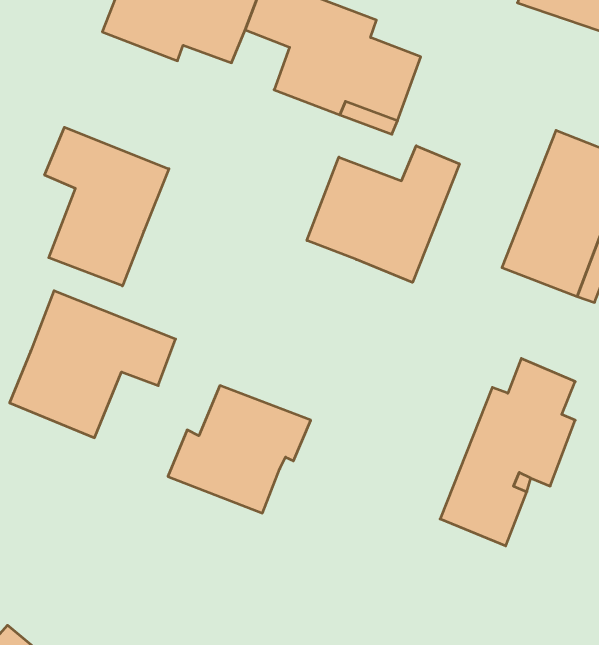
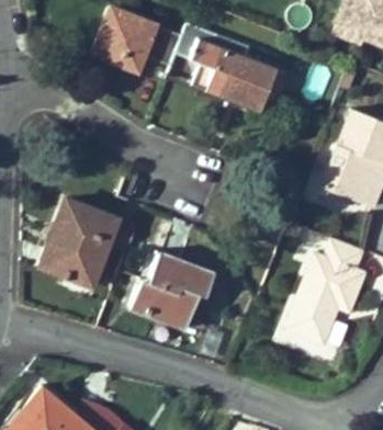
building: [45,127,169,286] -> none
building: [307,146,459,282] -> none

